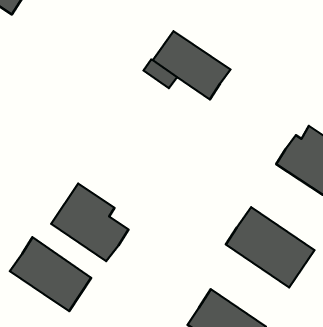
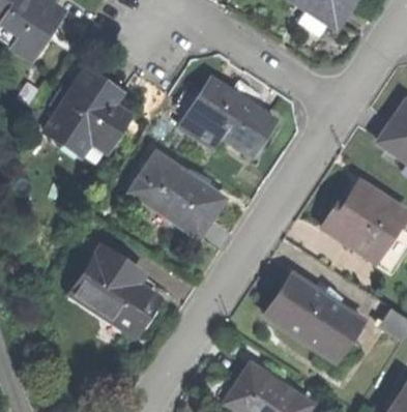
building: none -> [47,69,130,154]
building: none -> [132,153,224,232]
building: [10,237,91,311] -> none

